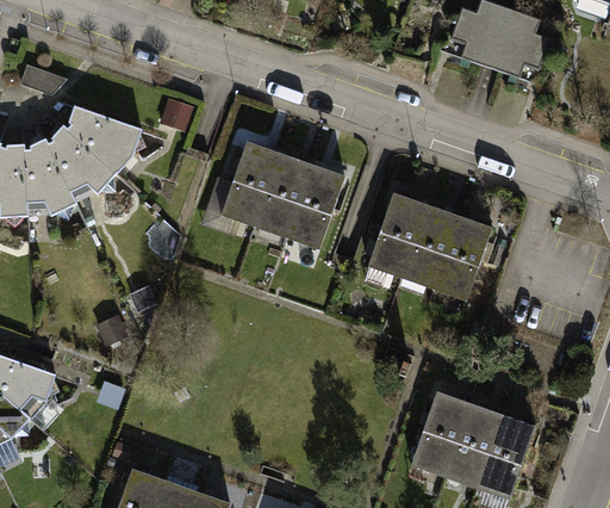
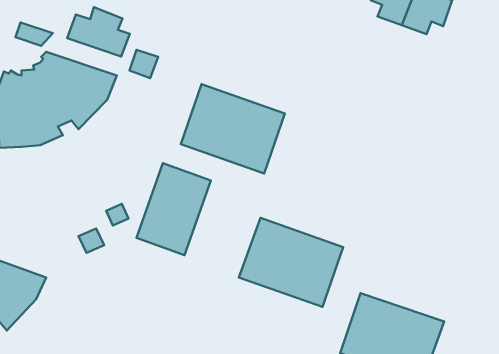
building: none -> [67,7,130,57]
building: [367,192,493,301] -> [239,218,343,307]
building: none -> [137,163,211,255]

